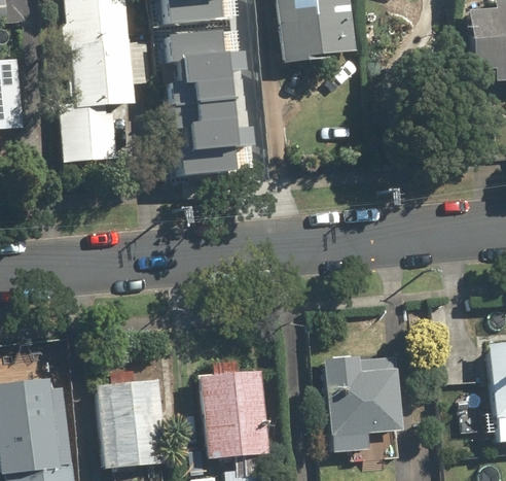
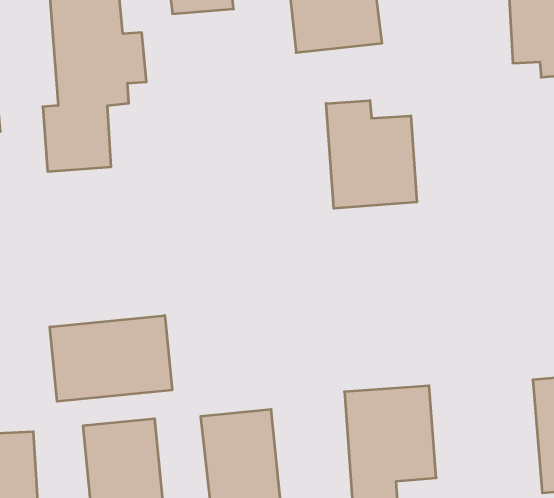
building: [174,30,259,173] -> none
building: none -> [326,100,417,208]
building: none -> [50,315,172,401]

